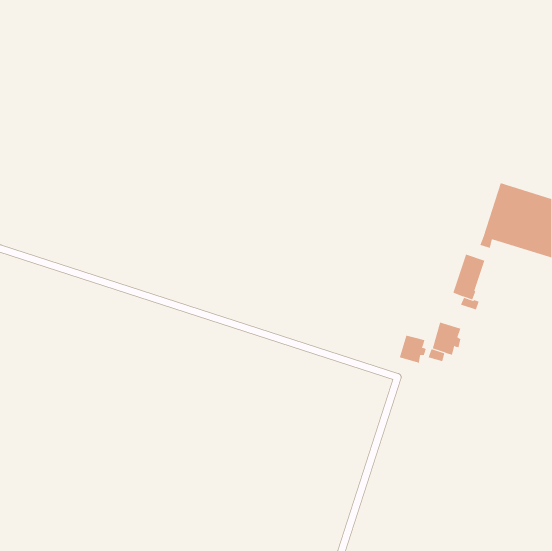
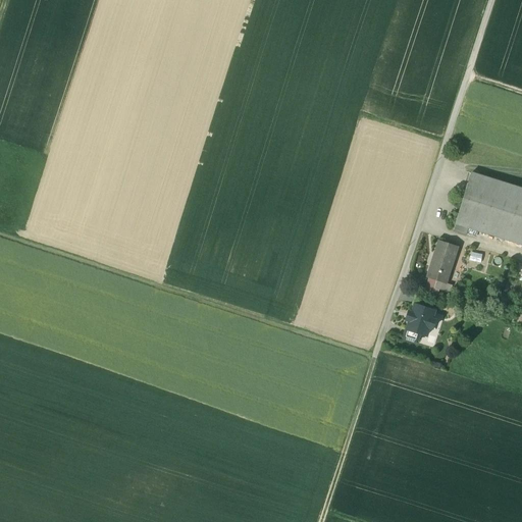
building: [399,335,427,364] -> none

